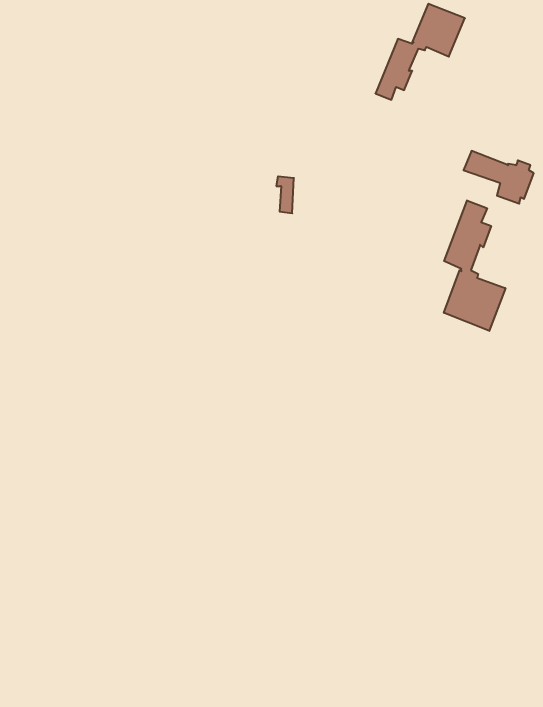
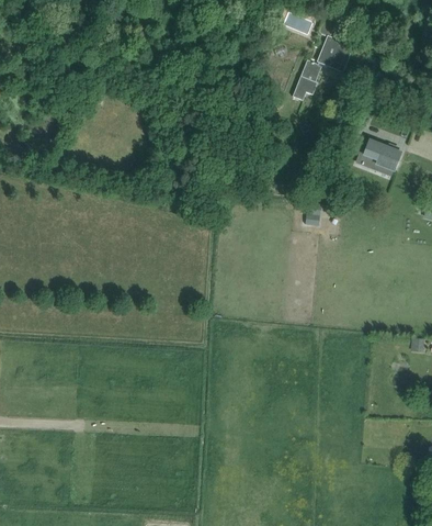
building: [444,200,505,331] -> none

